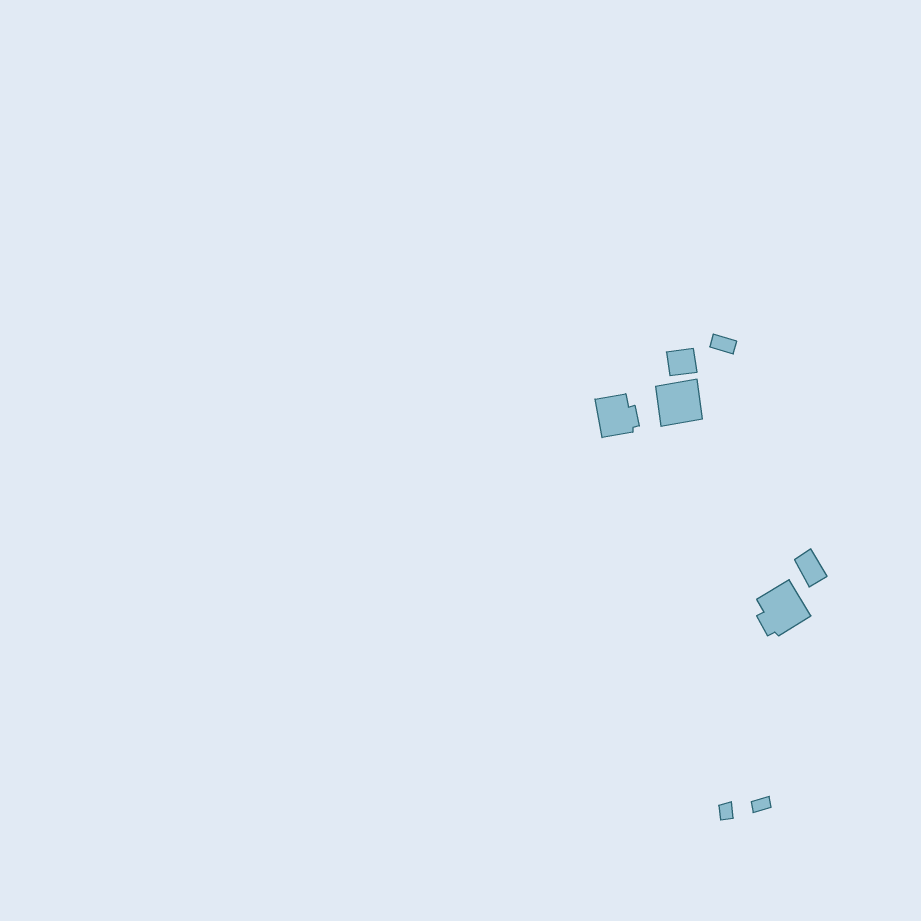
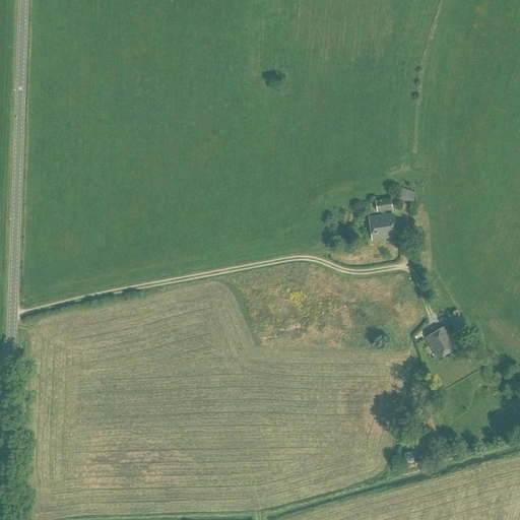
building: [595,394,639,438] -> none

